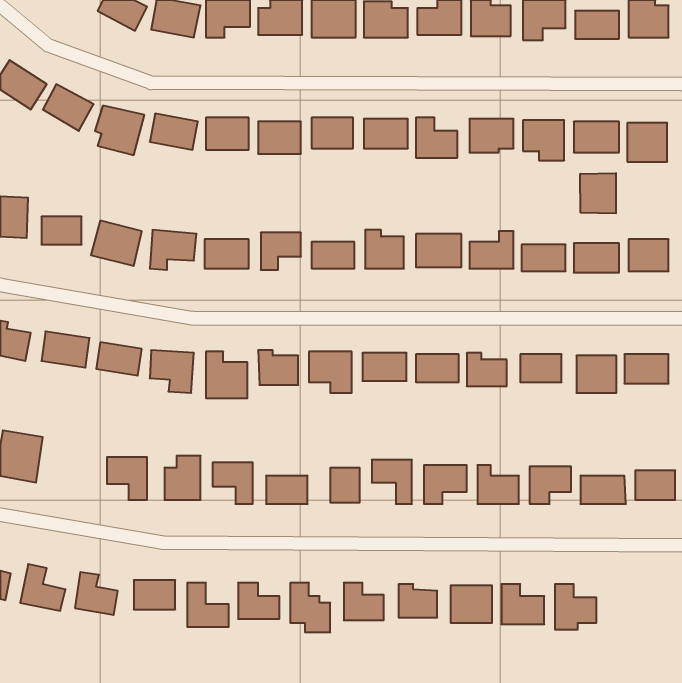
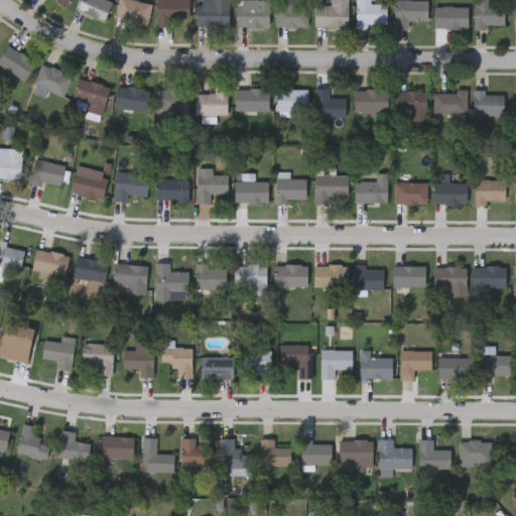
building: [580,173,616,213] -> none
building: none -> [42,338,76,373]
building: none -> [460,441,491,467]

